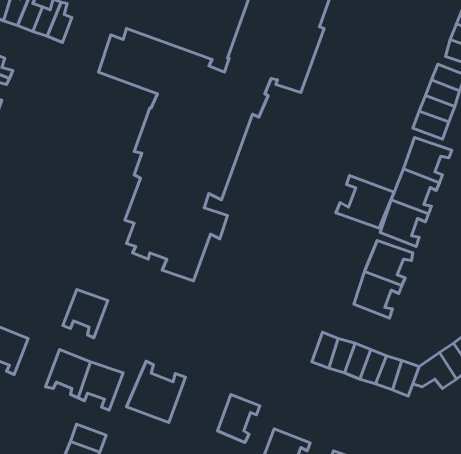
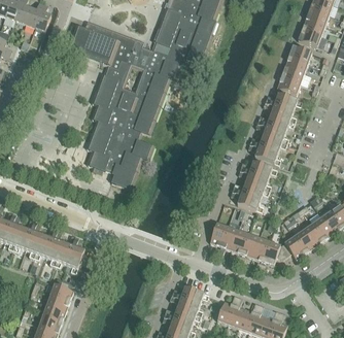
building: [336,175,394,228] -> none
building: [63,290,108,338] -> [12,226,42,258]
building: [127,361,185,423] -> none
building: [218,395,260,442] -> none

